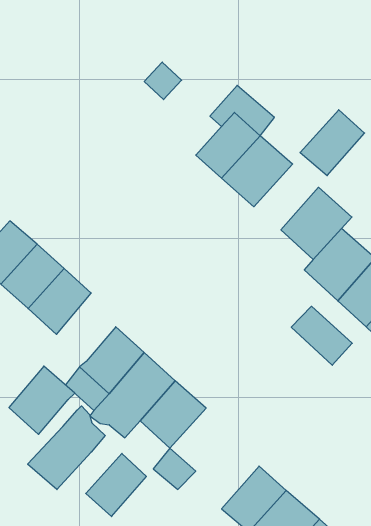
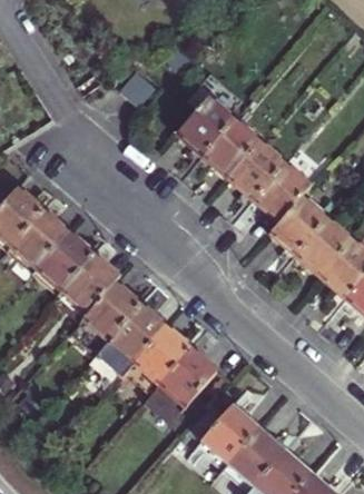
building: [300,110,365,176] -> [229,142,285,199]
building: [291,306,352,365] -> none
building: [9,366,75,434] -> [59,254,116,313]
building: [28,406,105,490] -> none
building: [86,453,146,517] -> [157,353,209,407]

